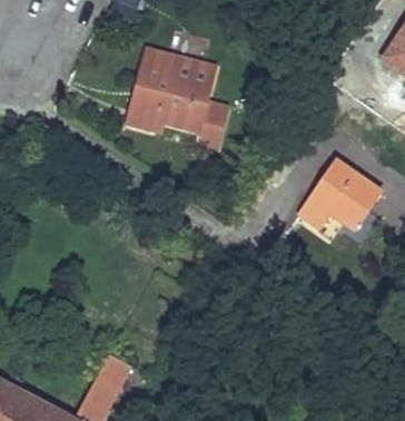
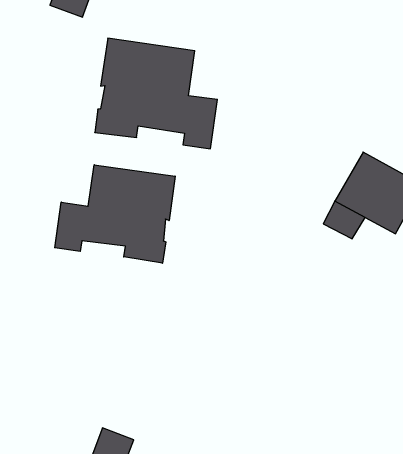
building: none -> [55,165,175,263]

